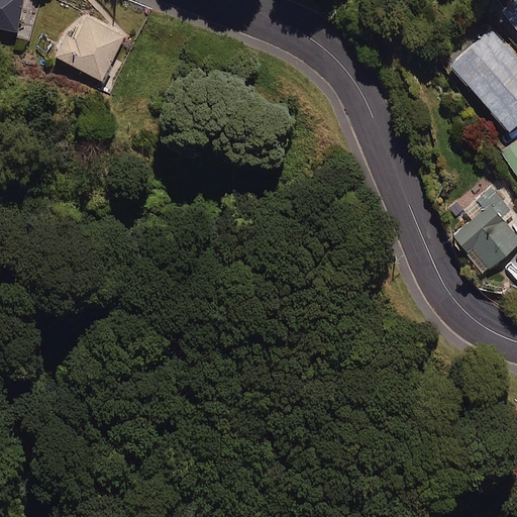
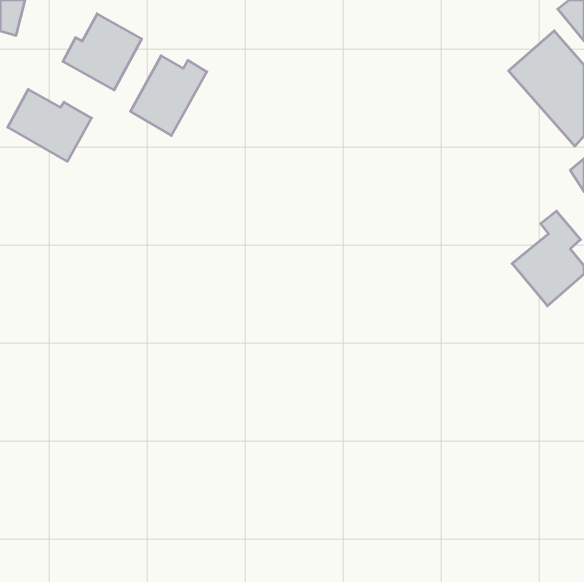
building: none -> [130,56,207,136]
building: none -> [8,89,92,161]

